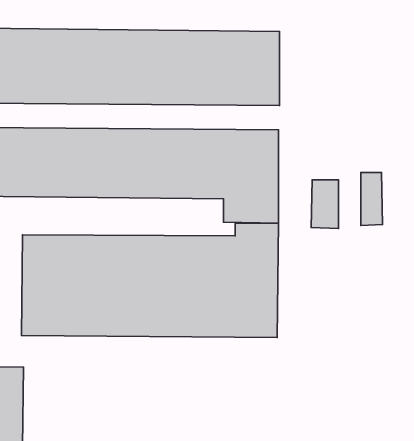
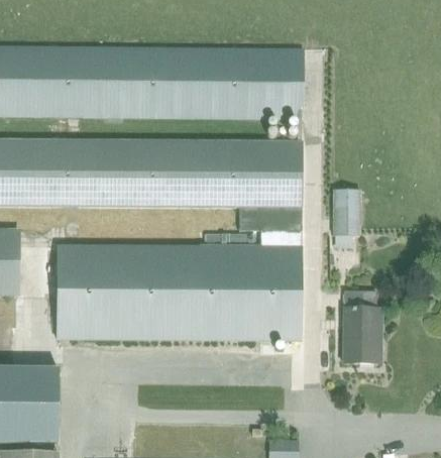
building: [361,173,382,226] -> none
building: none -> [343,291,381,363]

